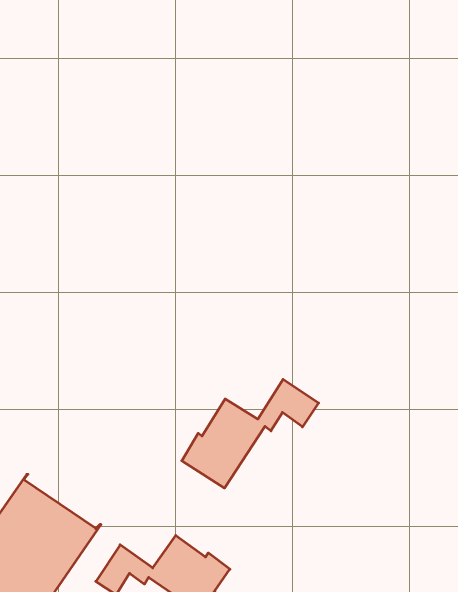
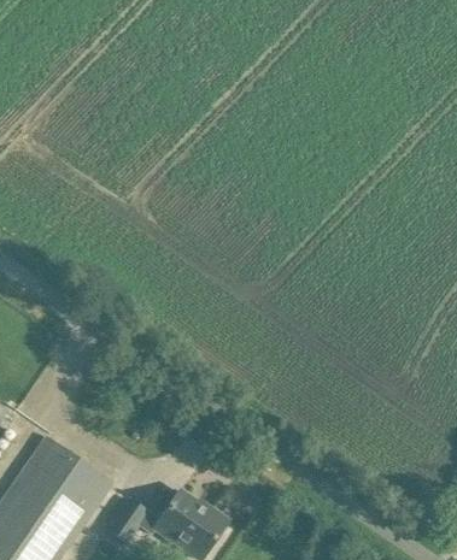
building: [182,379,319,488] -> none

